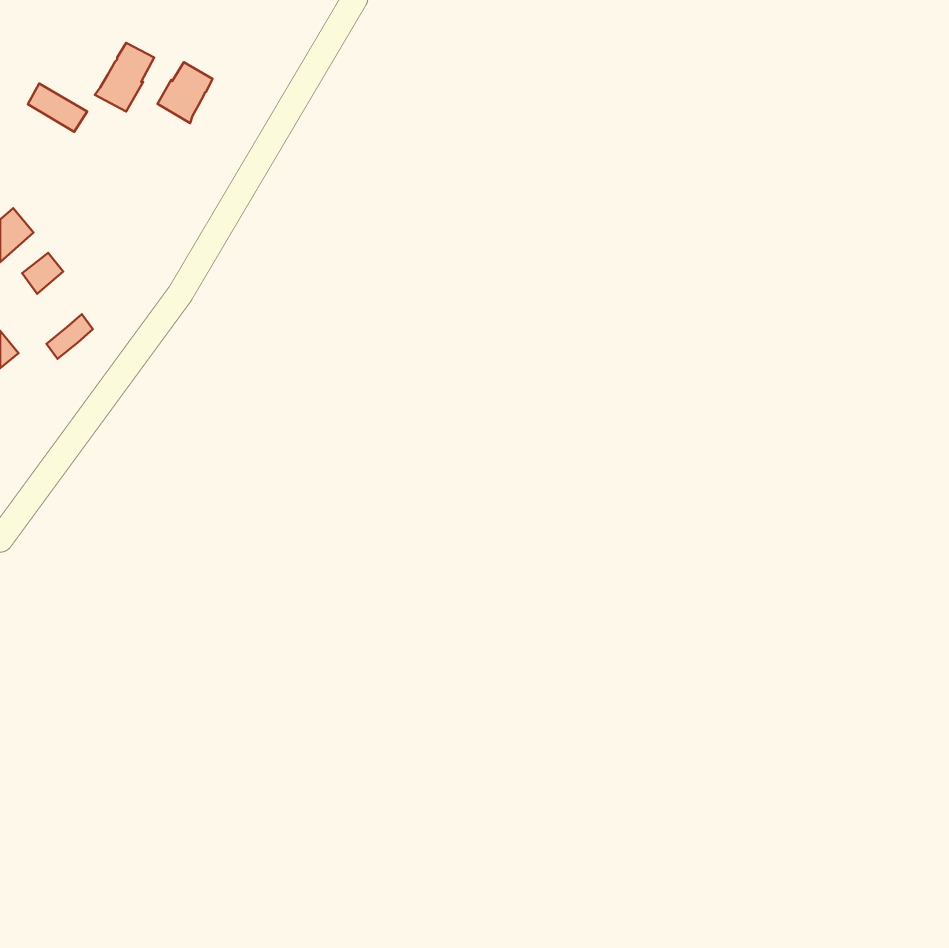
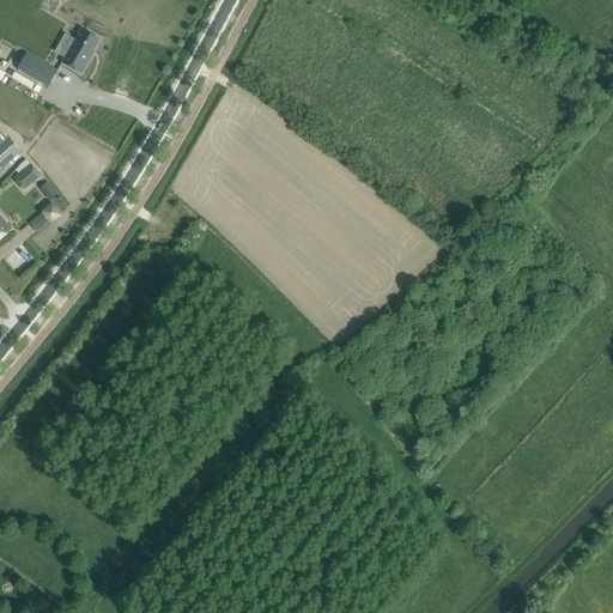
building: [158,62,212,123] -> none

